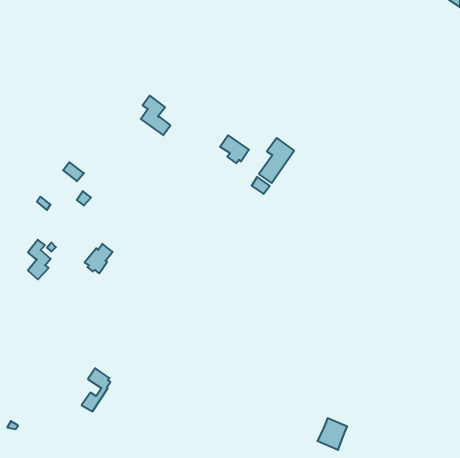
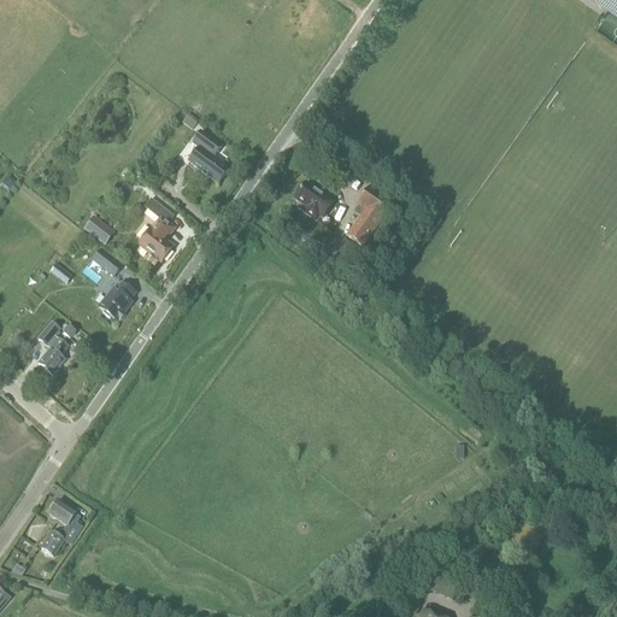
building: none -> [137,196,174,260]
building: [85,244,113,273] -> [98,280,135,319]
building: [82,368,110,411] -> [39,498,77,556]

